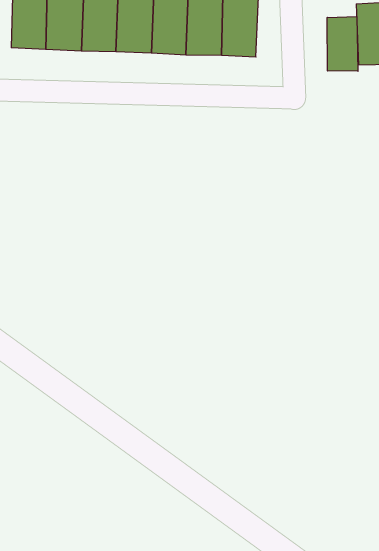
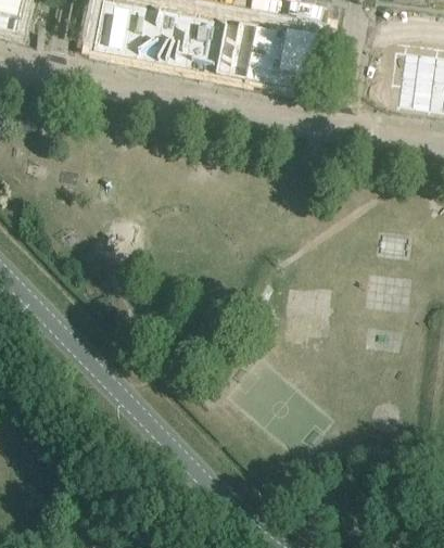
building: [327,16,358,71] -> none

